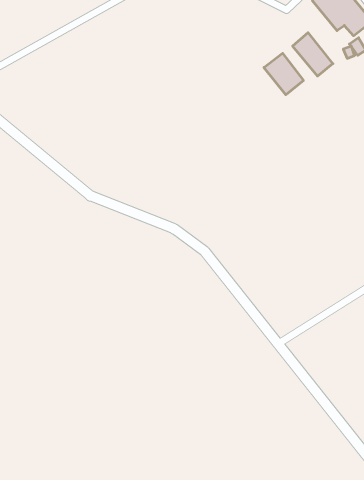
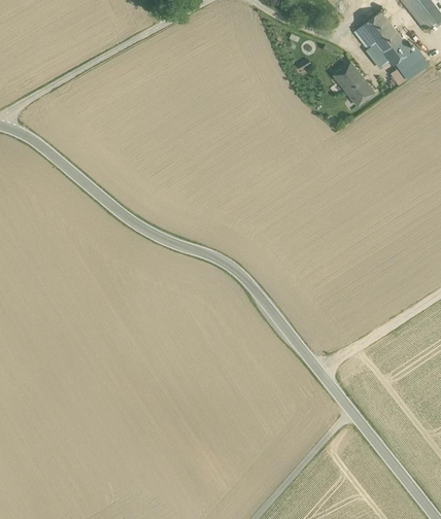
building: [264,53,303,95] -> none

